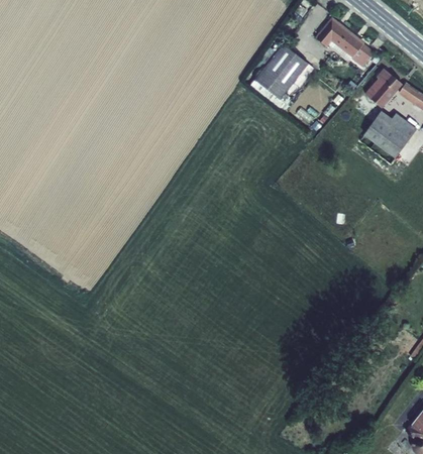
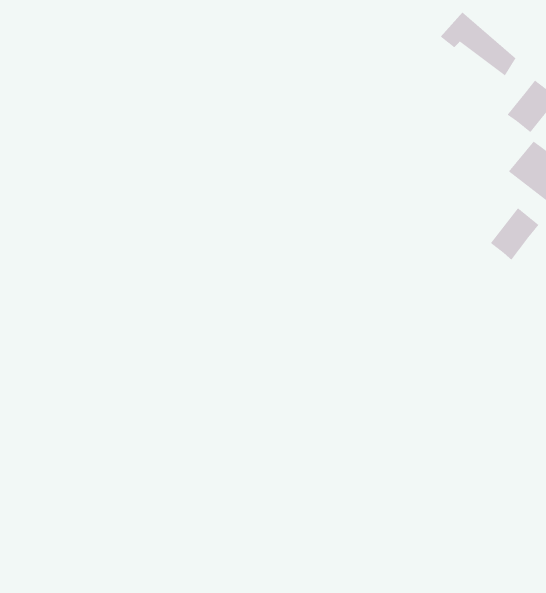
building: [253,45,307,101] -> none
building: none -> [490,207,539,261]

